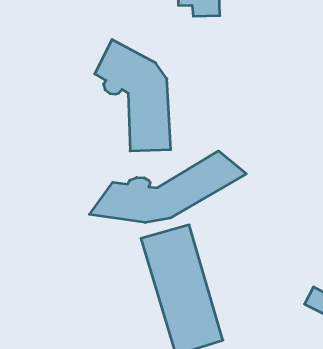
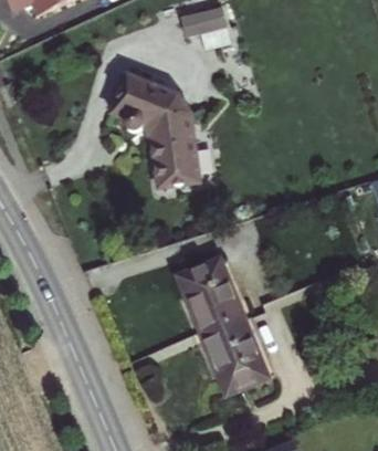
building: [89,151,246,223] -> none

